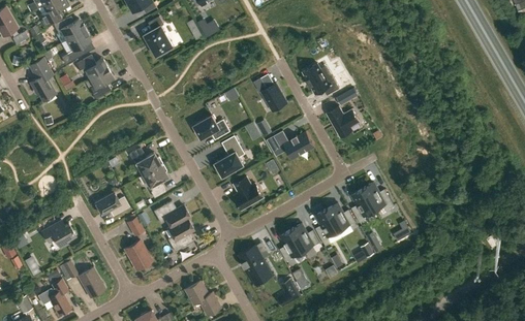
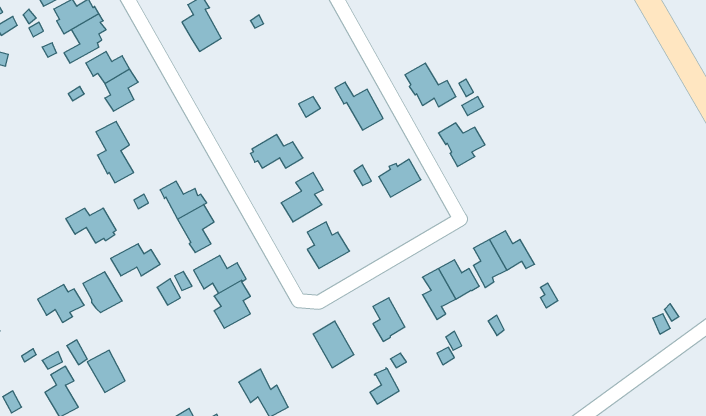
building: [29,58,56,101] -> [96,121,134,183]
building: none -> [66,208,116,243]
building: [290,223,320,251] -> none
building: [124,240,152,269] -> [83,272,122,313]

